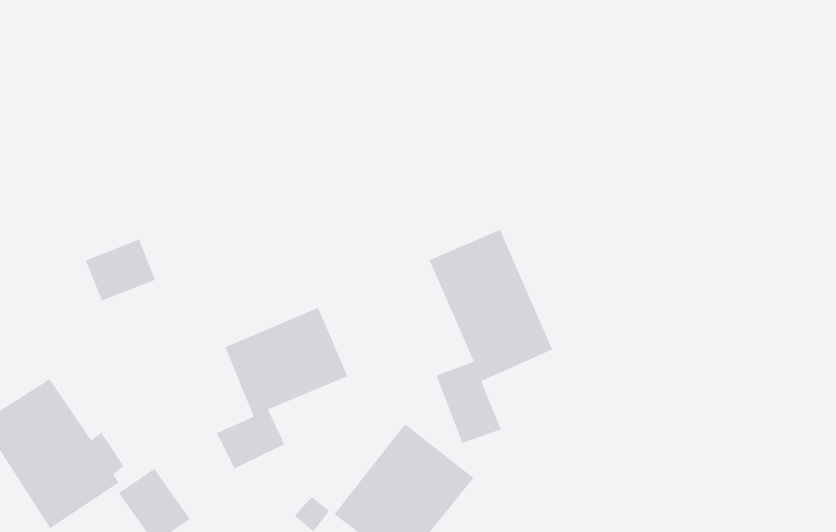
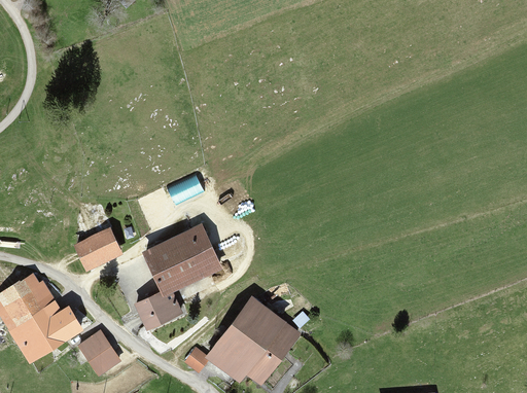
building: [428,229,553,444] -> none
building: [85,239,156,302] -> [74,229,118,269]

